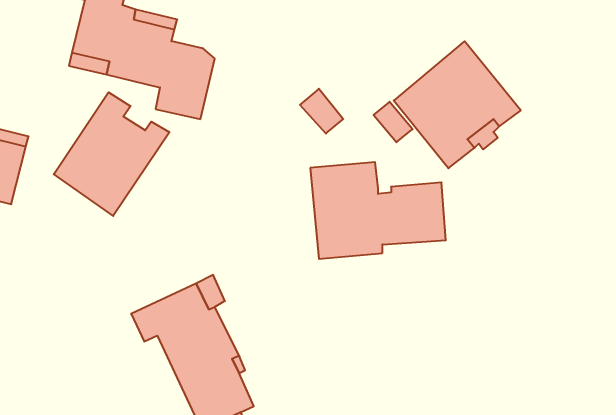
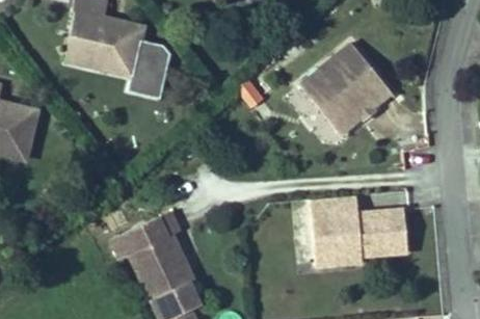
building: [54,92,169,216] -> none
building: [310,162,446,259] -> [311,194,408,264]

